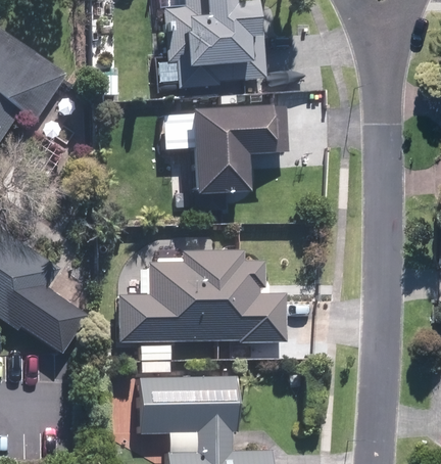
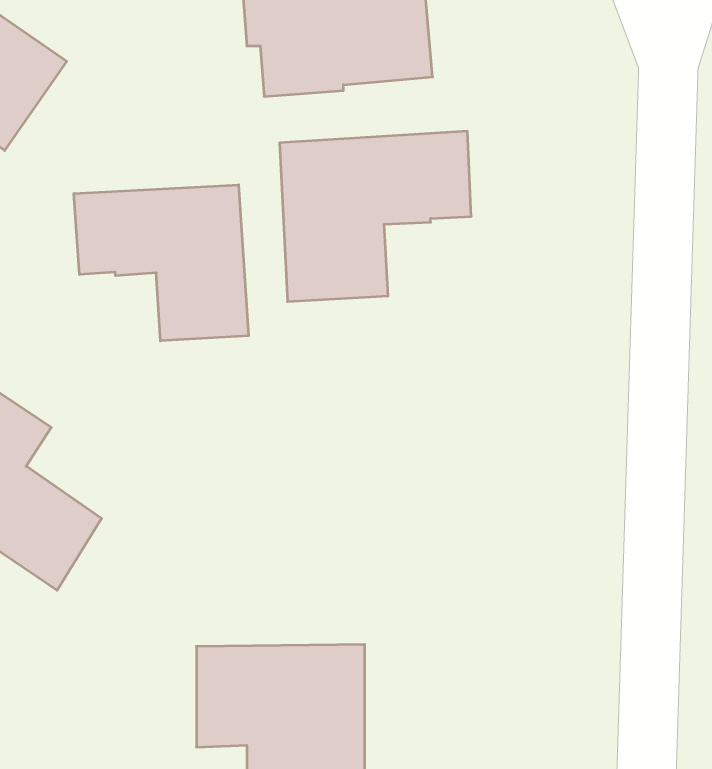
building: none -> [74,185,249,341]
building: [115,251,283,341] -> none

